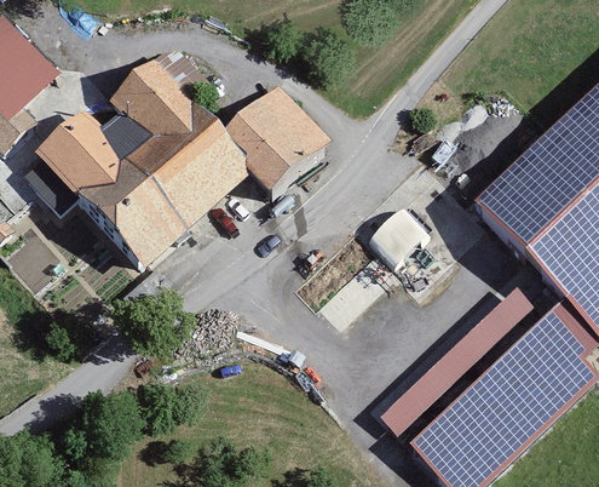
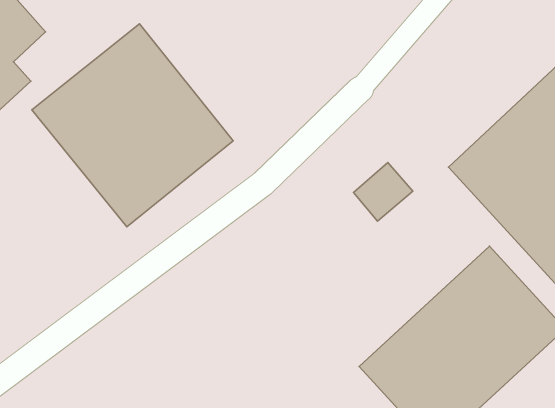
building: [218,82,332,195] -> none

